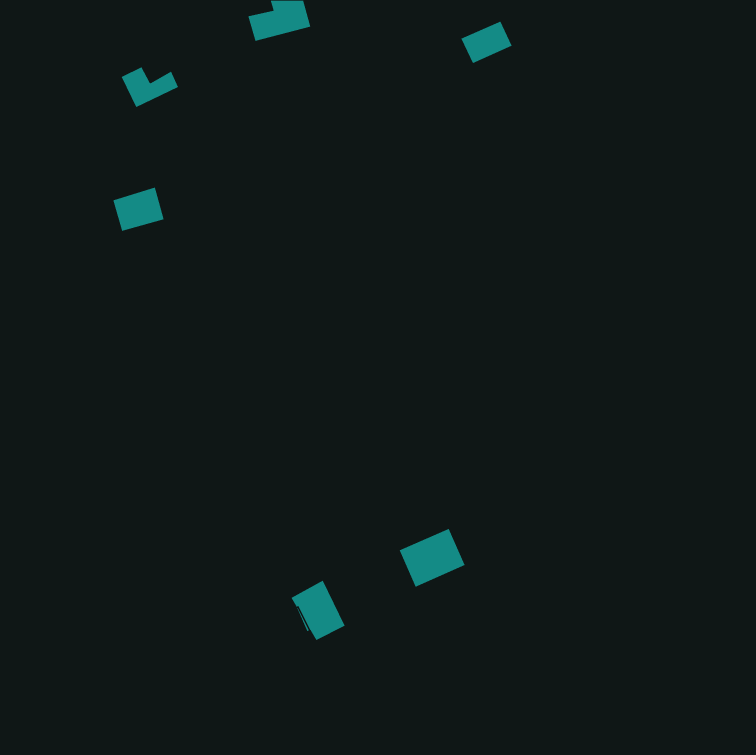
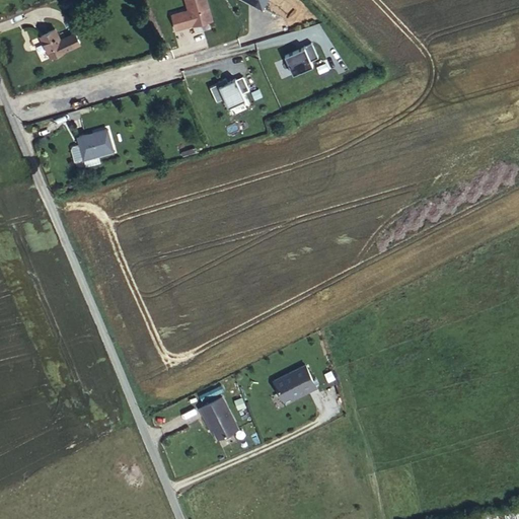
building: [461,21,513,64] -> [284,42,319,71]
building: [121,66,179,108] -> [40,31,79,60]
building: none -> [210,74,249,102]

